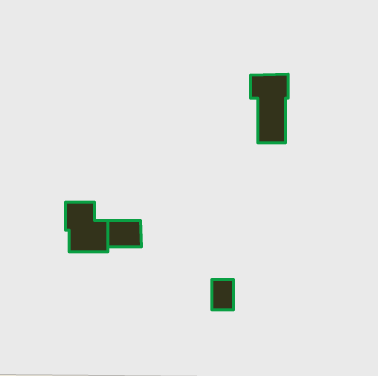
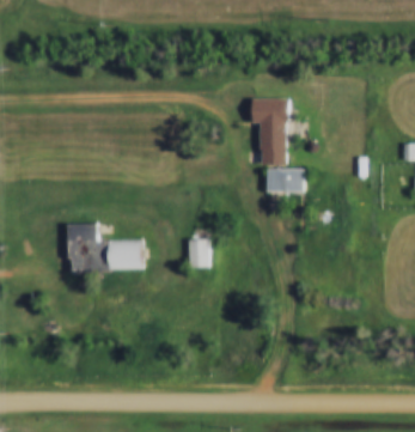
building: none -> [267,168,304,193]
building: [212,280,234,310] -> [188,238,209,268]

